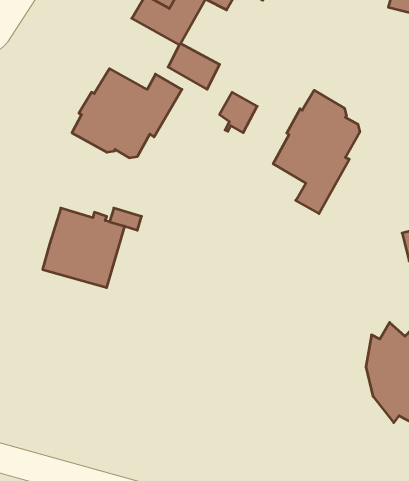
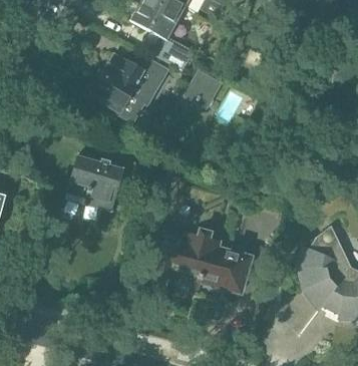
building: [273,90,360,214] -> none
building: none -> [147,227,251,294]

